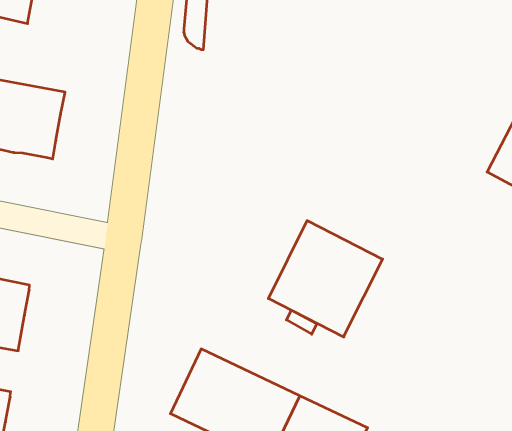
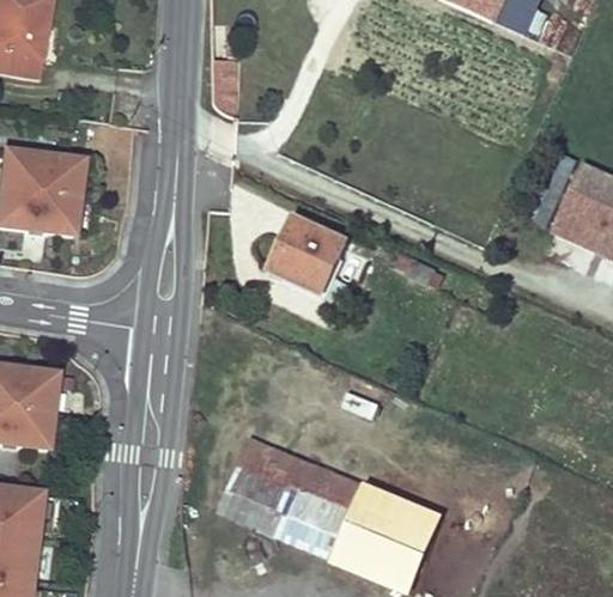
building: none -> [273,214,346,290]
building: [268,221,383,337] -> none

